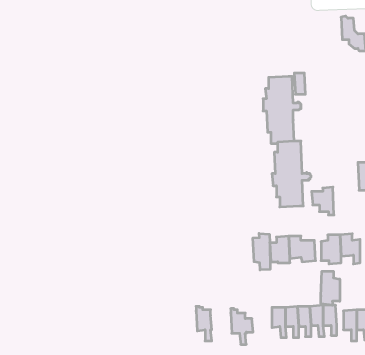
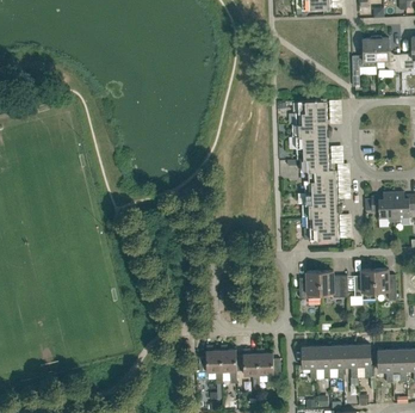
building: none -> [354,37,379,76]
building: [312,187,334,215] -> [373,192,397,222]
building: [253,233,270,270] -> none
building: [321,271,340,305] -> none
building: none -> [202,346,225,384]
building: none -> [239,350,262,387]

